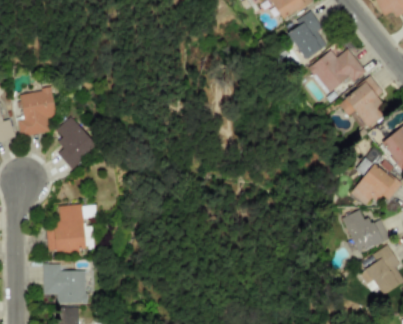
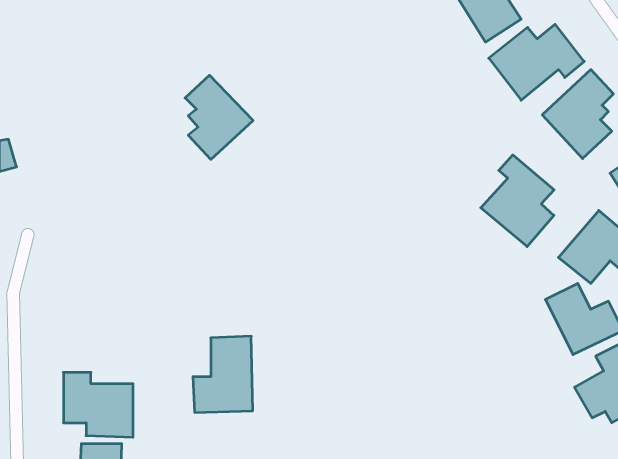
building: [18,88,57,136] -> none
building: [56,116,98,168] -> [185,75,253,159]
building: none -> [481,155,554,247]
building: [48,204,85,251] -> [193,336,253,412]

